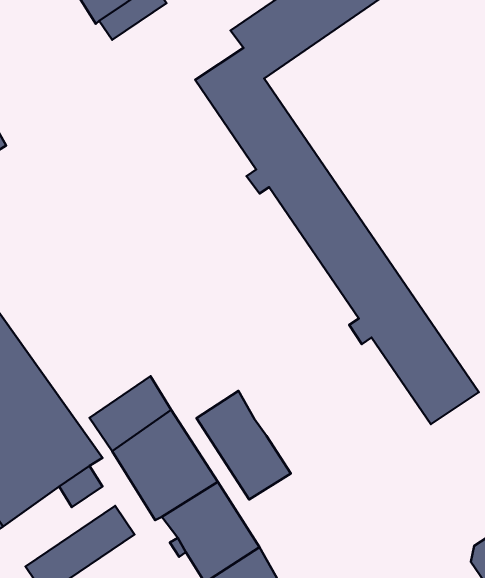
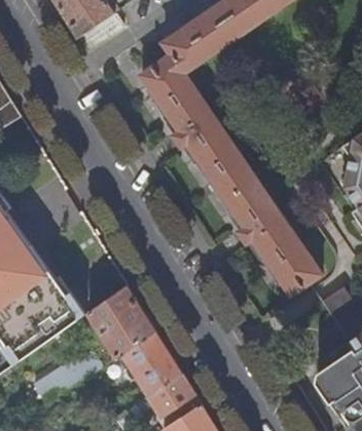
building: [196,391,291,500] -> none

